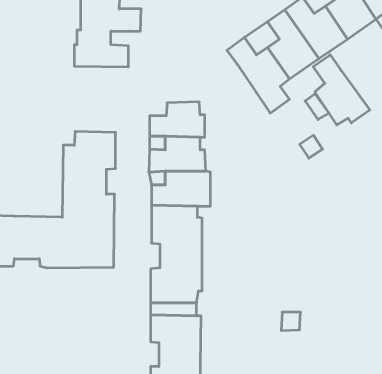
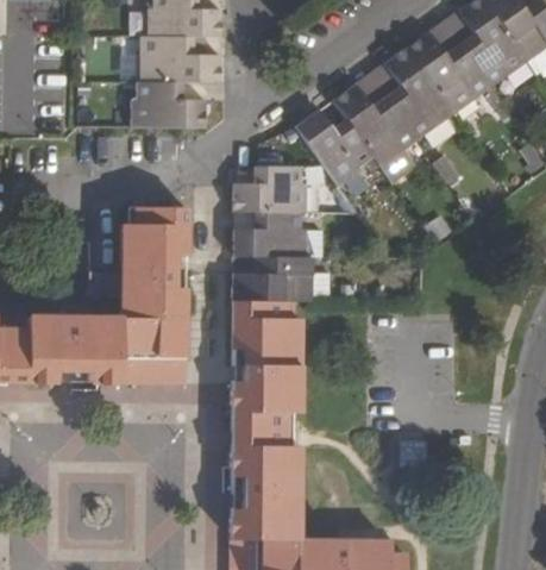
building: [313,55,370,125] -> none
building: none -> [295,112,370,186]

